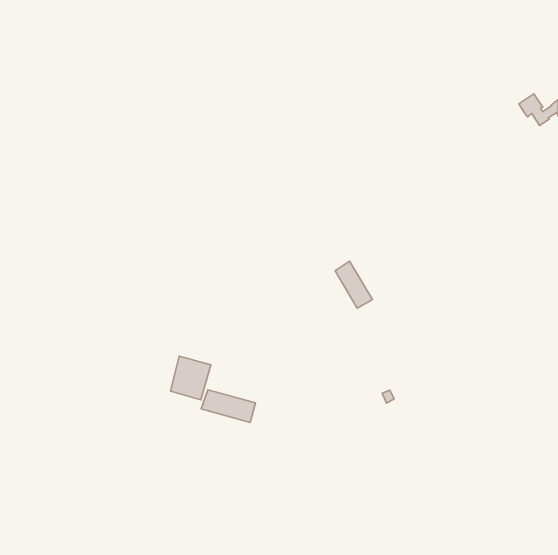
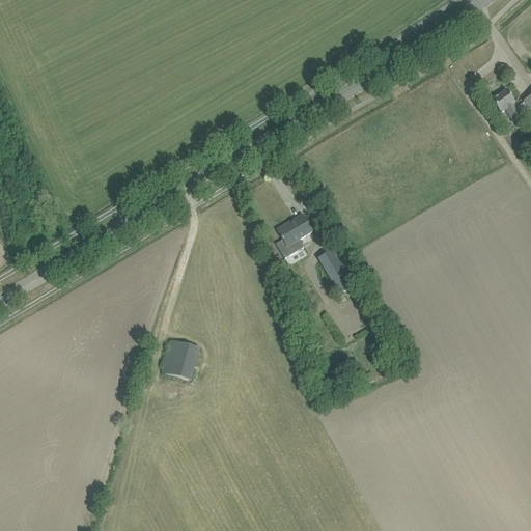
building: none -> [276,214,312,256]
building: [201,390,255,423] -> none

